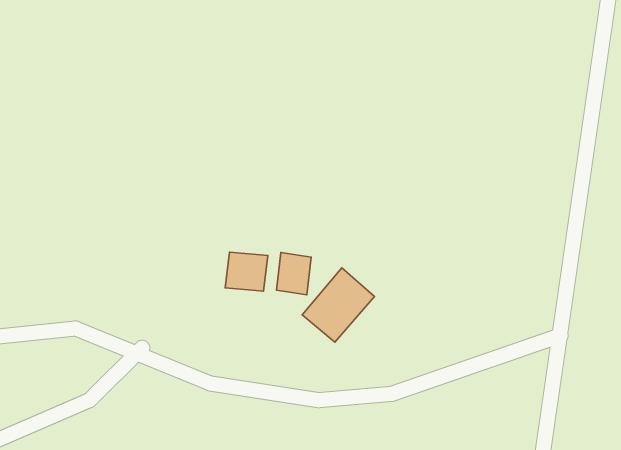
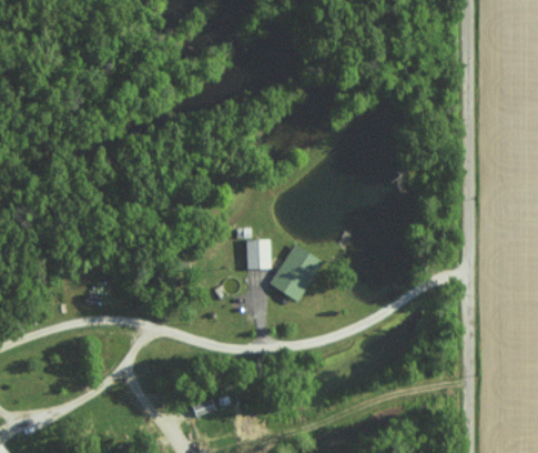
building: [225,252,268,291] -> none

